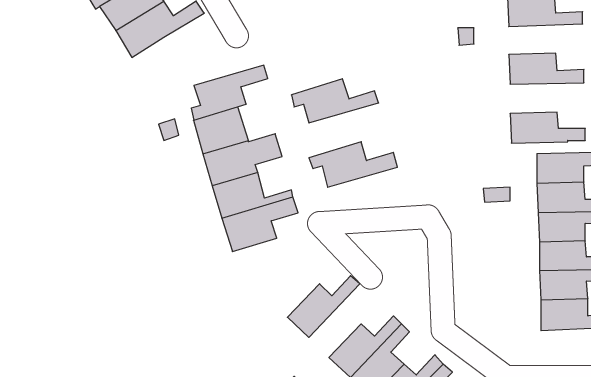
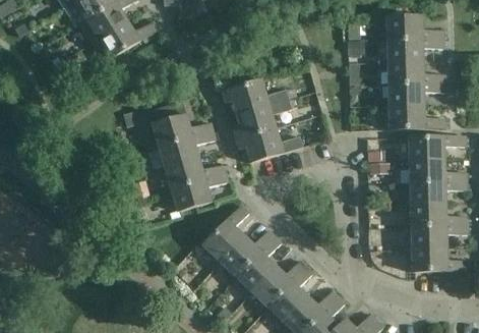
building: none -> [387,39,443,62]
building: [191,65,268,120] -> [234,99,292,141]
building: none -> [388,84,444,107]
building: none -> [203,206,249,262]
building: none -> [236,236,281,292]

